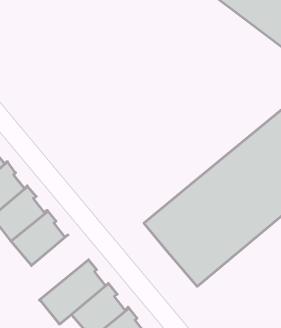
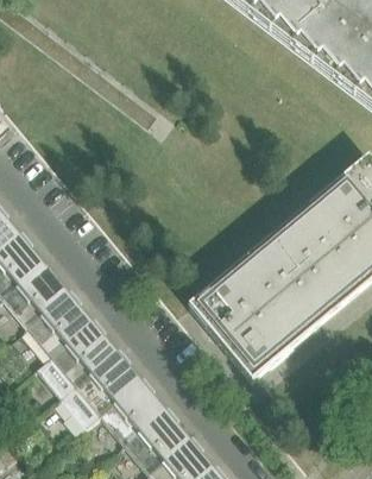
building: none -> [37,321,120,399]

